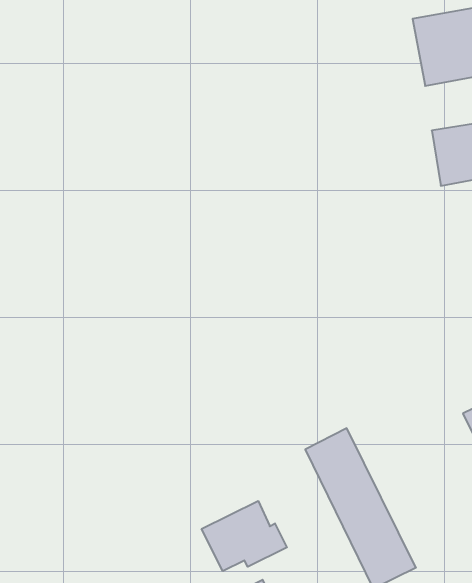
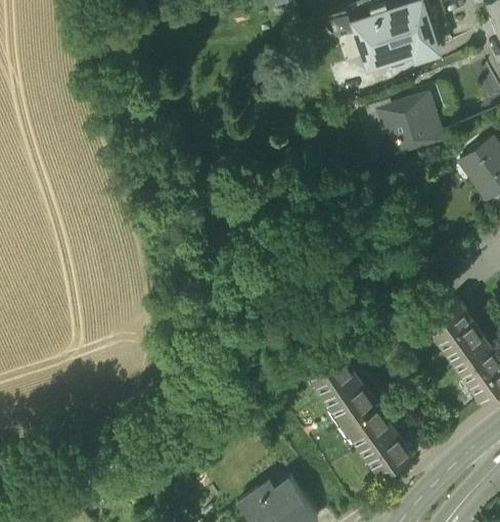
building: [202,501,287,571] -> none

